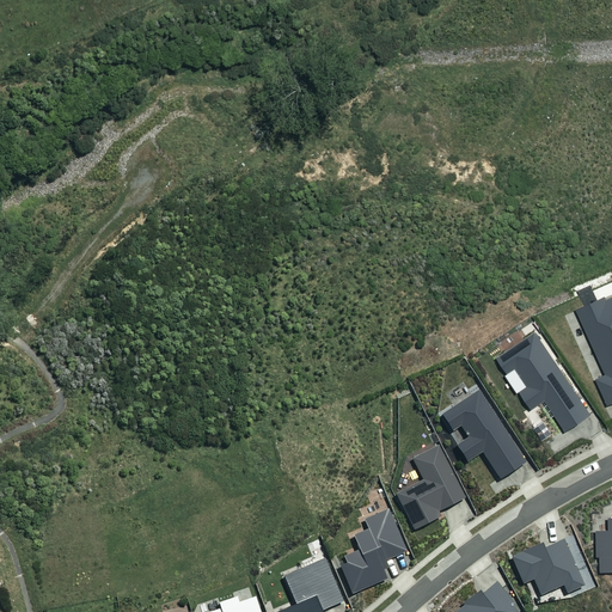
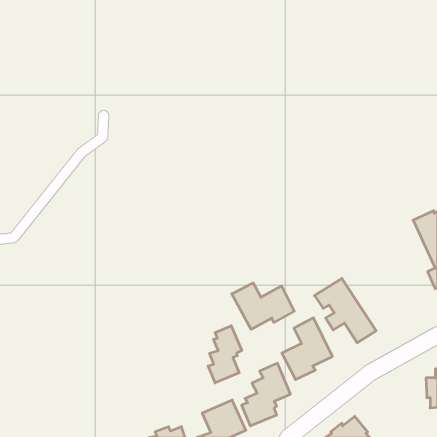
building: [496,330,590,430] -> none
building: none -> [232,283,294,329]
building: none -> [208,326,242,383]
building: [510,539,585,595] -> none

